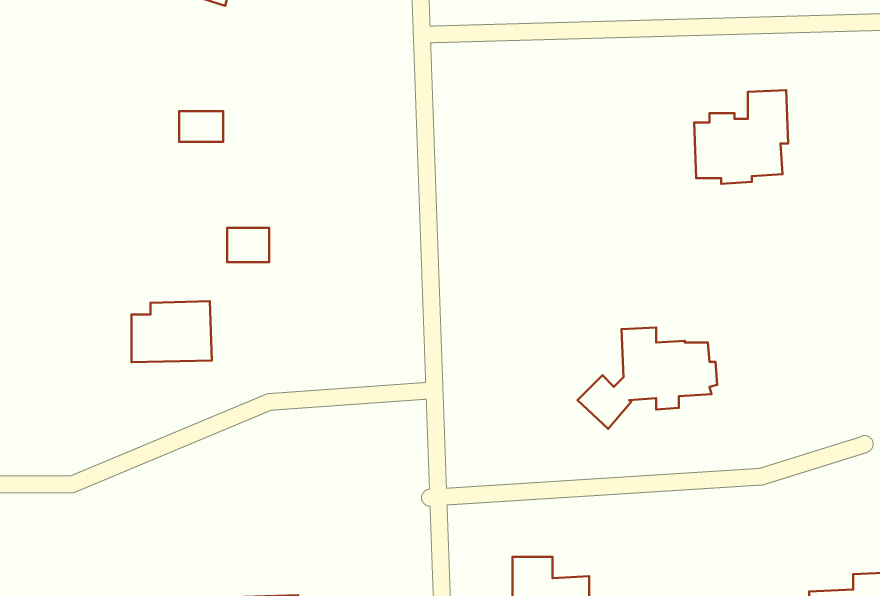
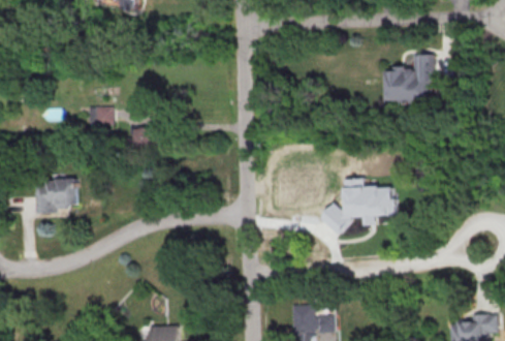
building: [179,111,223,142] -> [88,106,112,123]
building: [131,301,212,362] -> [34,177,77,210]

